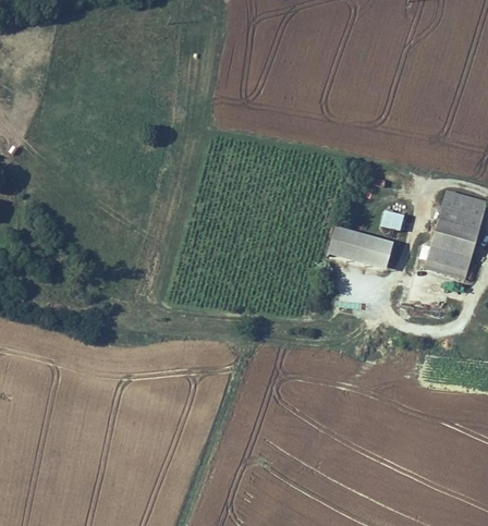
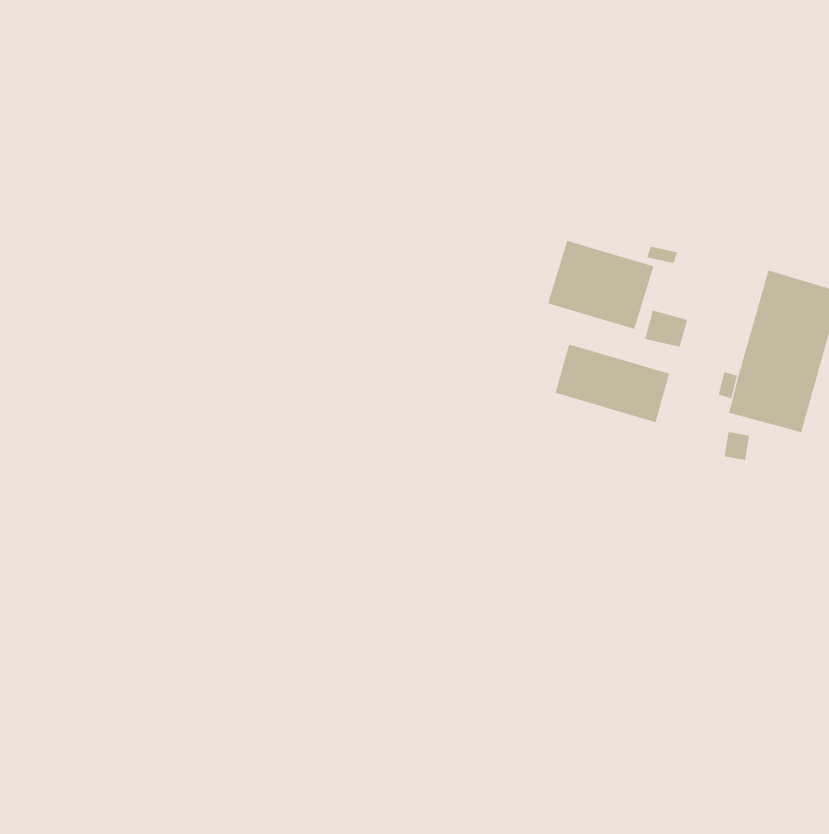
building: none -> [547,240,654,330]

